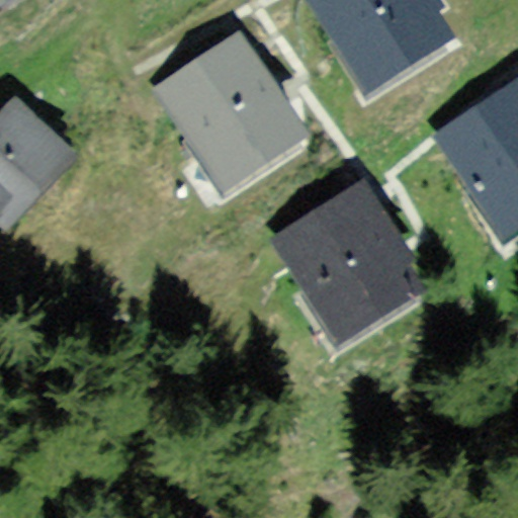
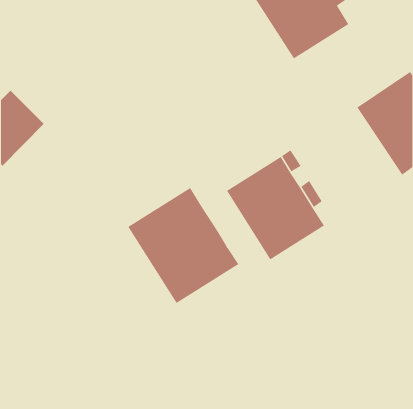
building: [166,41,290,172] -> none
building: none -> [128,187,239,304]

